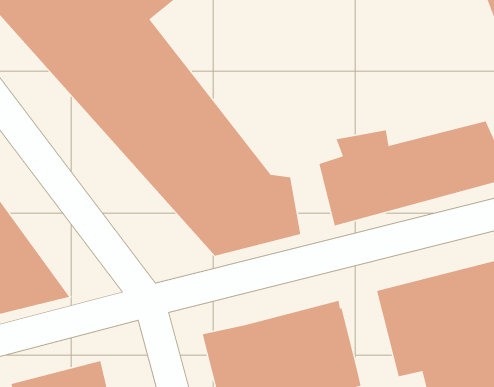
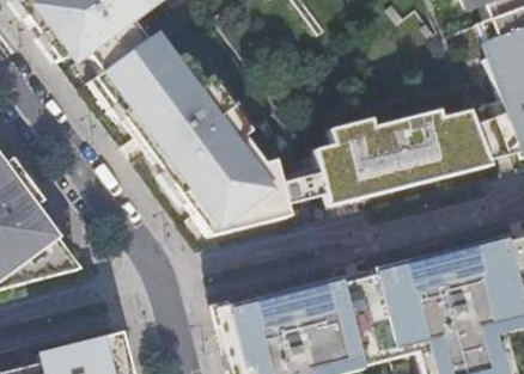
building: none -> [337,274,385,341]

